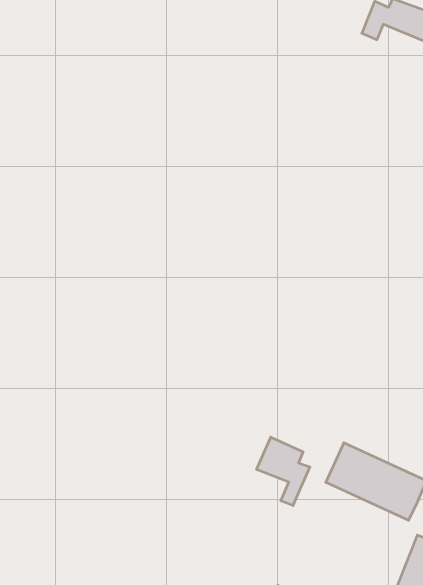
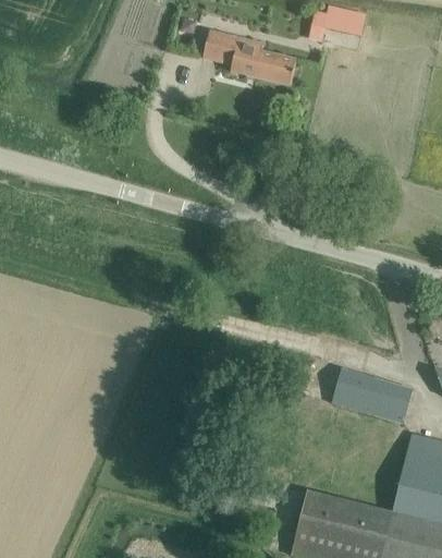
building: none -> [204,32,296,86]
building: [257,437,310,506] -> none

